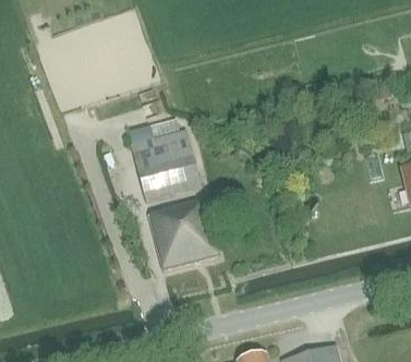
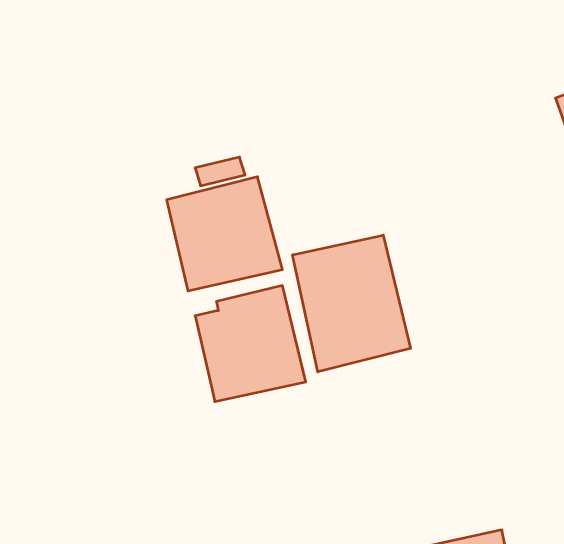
building: none -> [293,235,411,372]

